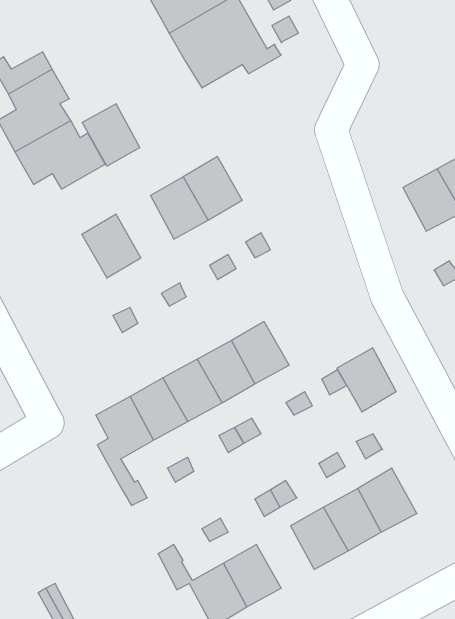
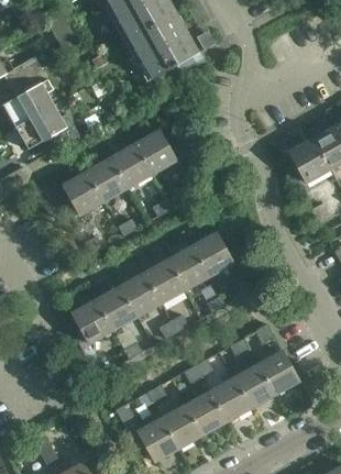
building: [82,104,140,166] -> [87,157,128,201]
building: [337,348,396,412] -> [191,232,233,277]
building: none -> [186,390,227,434]

